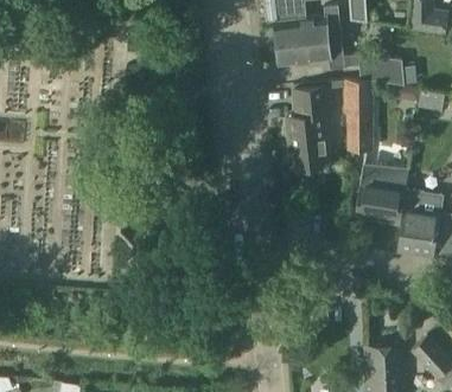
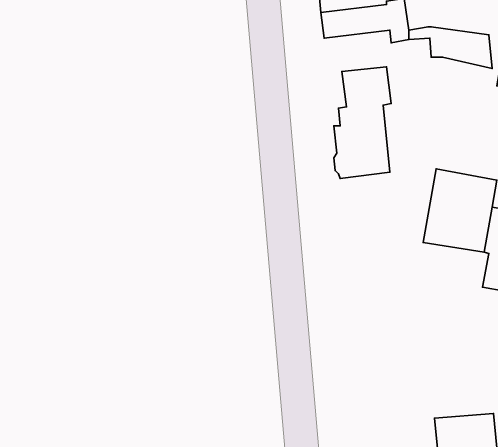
building: [346,79,371,150] -> none

